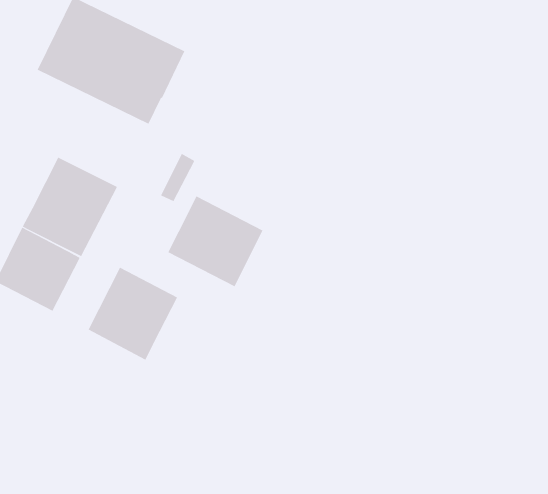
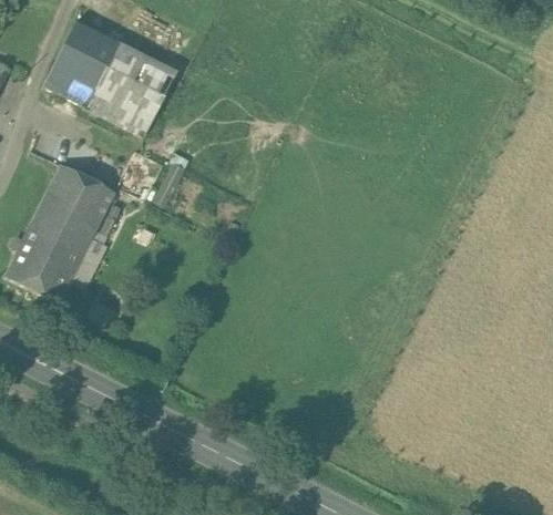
building: [168,196,263,287] -> none
building: [88,267,178,360] -> none

